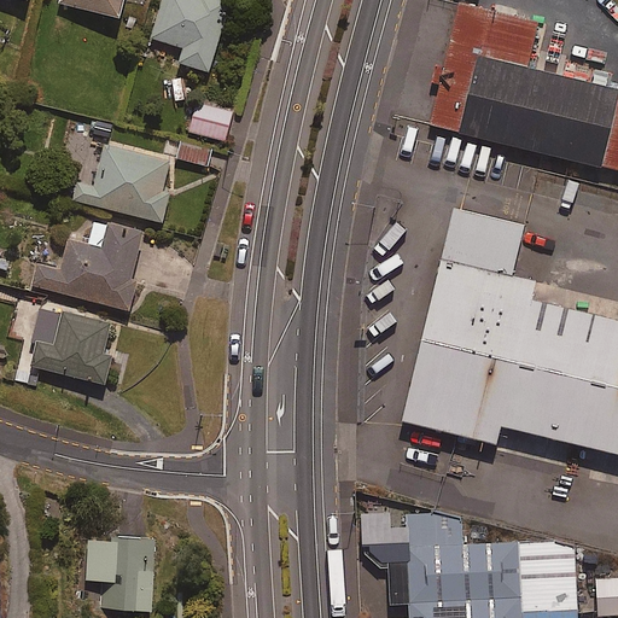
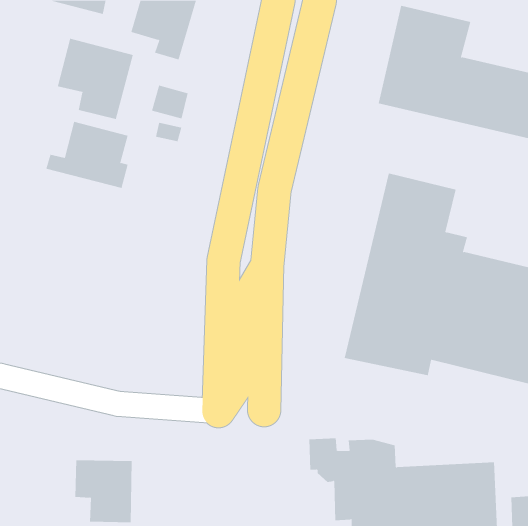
building: none -> [57,38,133,120]
building: [6,222,132,317] -> none
building: [10,305,94,381] -> none

